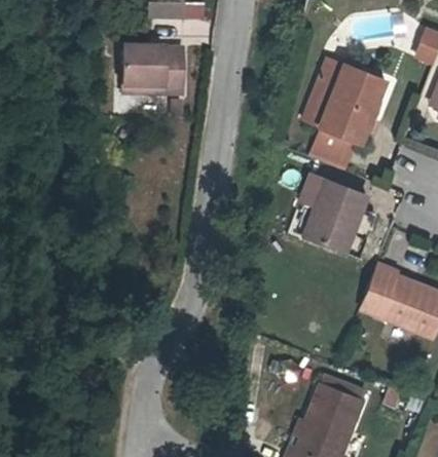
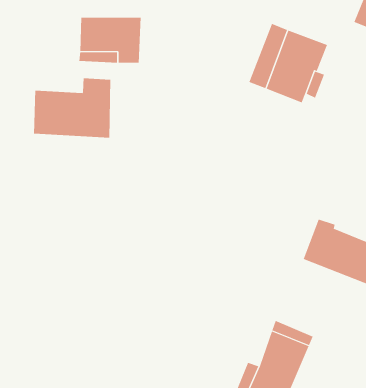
building: none -> [34,78,111,138]
building: [312,126,360,165] -> none
building: [297,178,363,257] -> none

